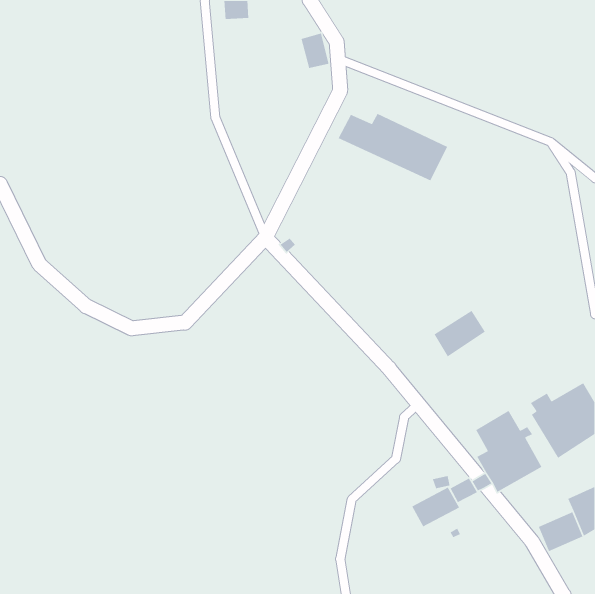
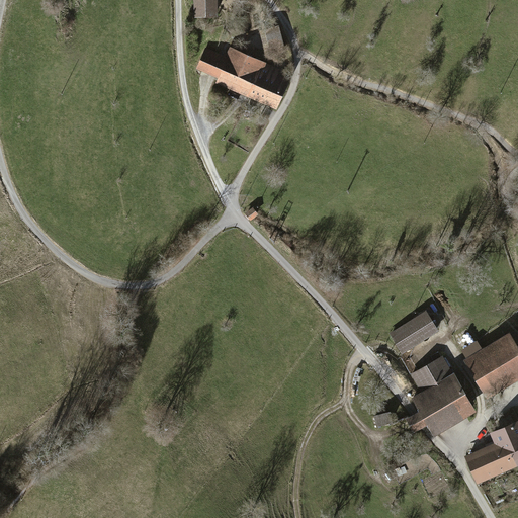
building: [338,113,448,181] -> [196,50,292,109]
building: [433,310,486,358] -> [390,312,435,353]
building: [411,487,460,528] -> none

